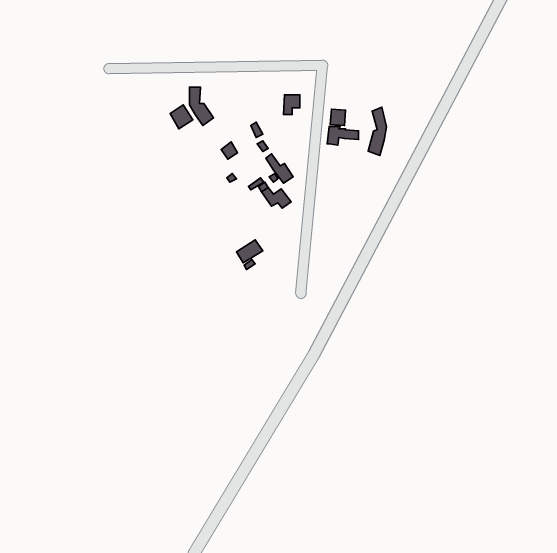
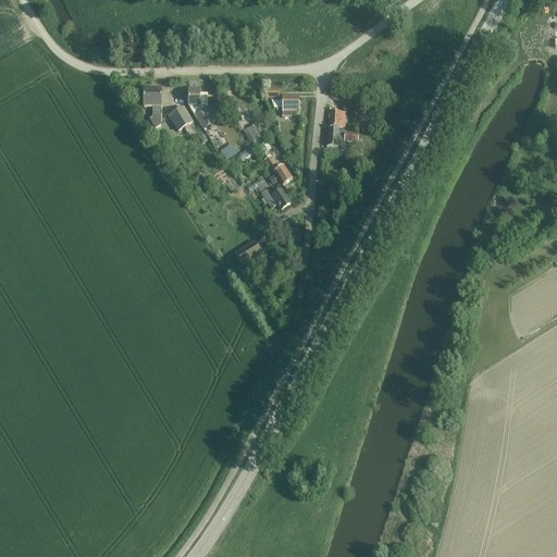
building: none -> [144,87,161,126]
building: [368,107,386,156] -> none

